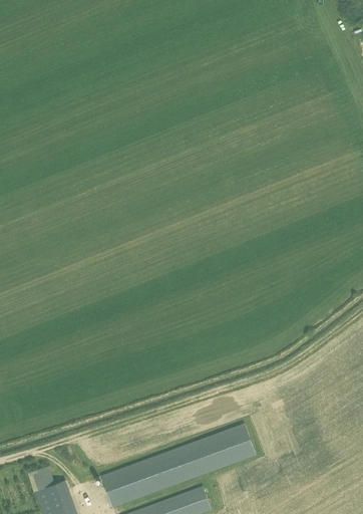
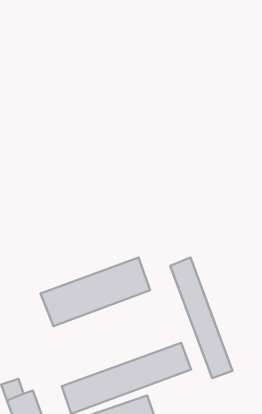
building: none -> [170,257,232,378]
building: none -> [41,258,150,326]

